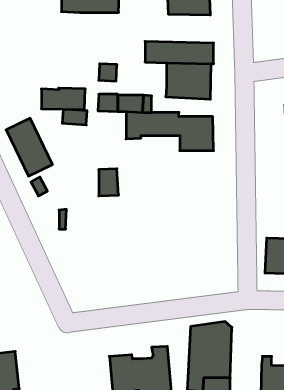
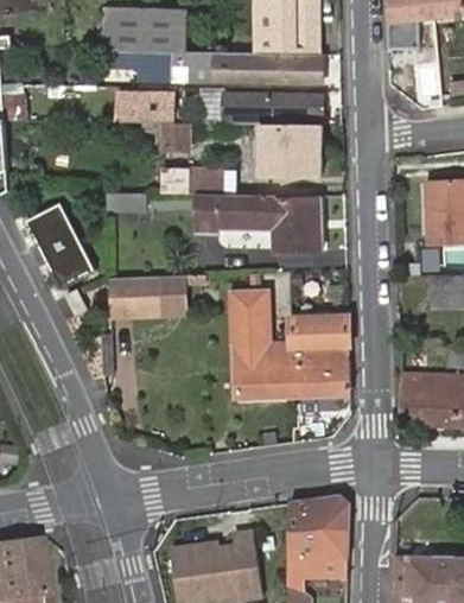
building: none -> [132,51,325,82]
building: [41,88,85,110] -> [112,90,174,121]
building: none -> [109,277,159,316]
building: none -> [230,287,350,400]

